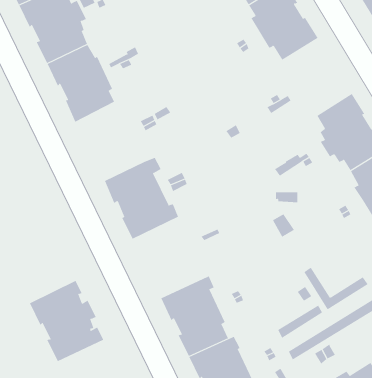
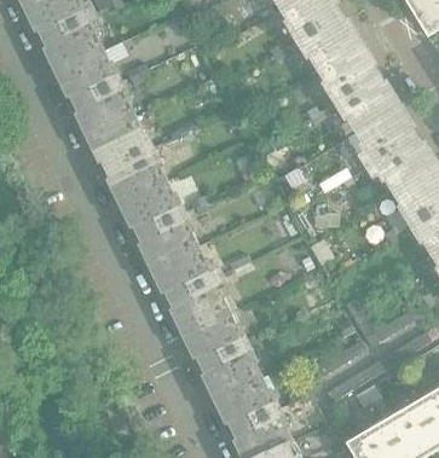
building: none -> [318,44,397,131]
building: none -> [87,115,164,203]
building: [29,280,104,362] -> [151,243,235,334]

